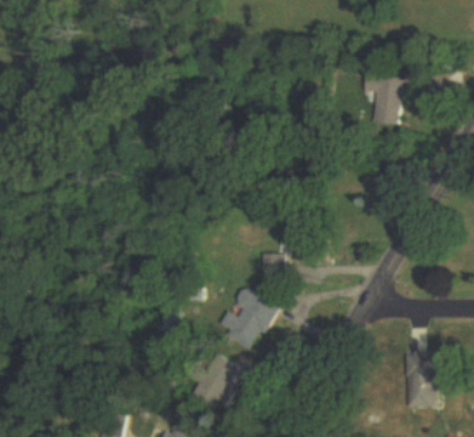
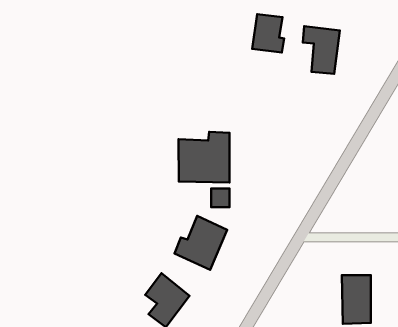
building: none -> [252,14,284,52]
building: none -> [178,132,229,182]

